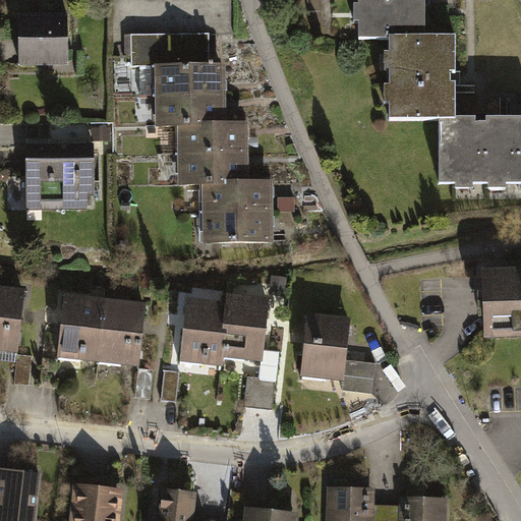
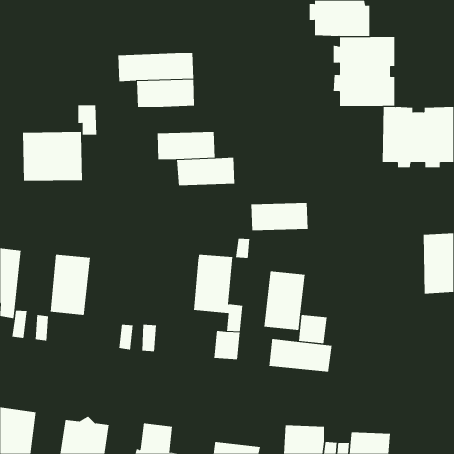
building: [18,11,69,70] -> none
building: [131,31,210,63] -> none
building: [178,120,245,153] -> none
building: [204,211,270,243] -> [251,202,308,231]
building: [181,294,226,365] -> none
building: [97,295,144,365] -> none
building: none -> [269,338,332,372]

